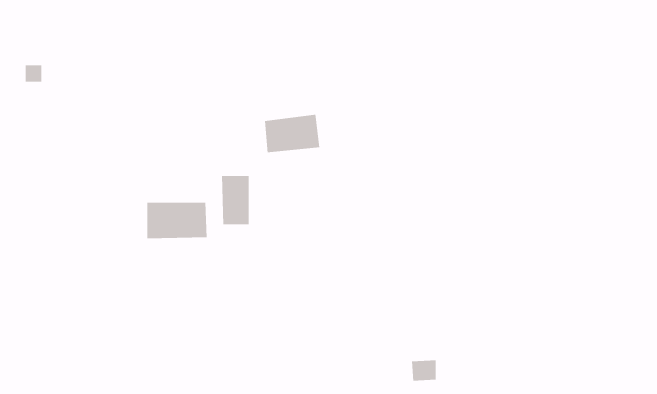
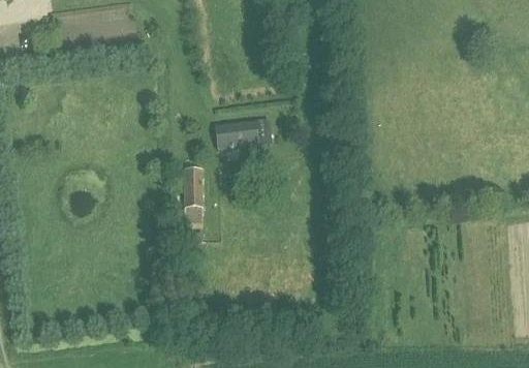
building: [147,202,207,239] -> none

